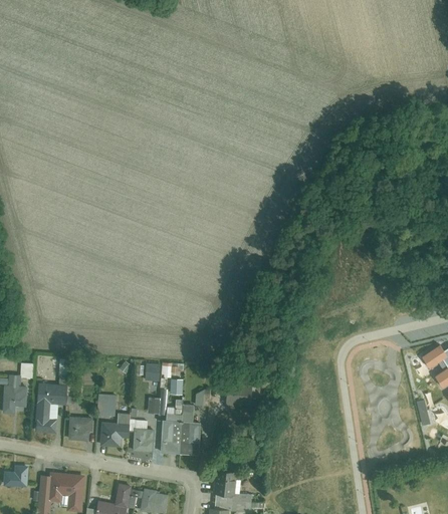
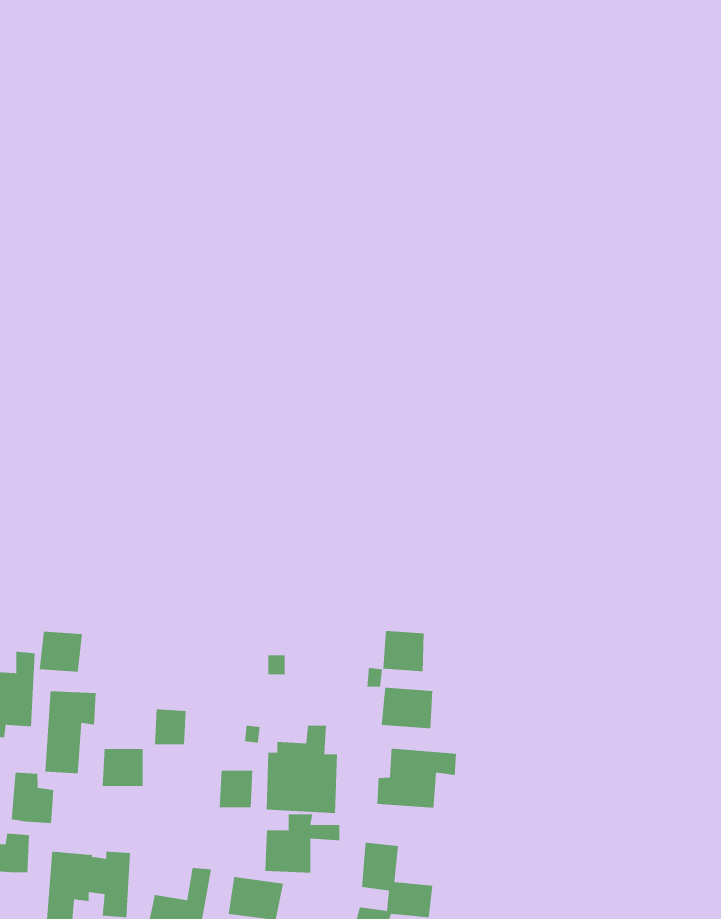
building: none -> [383,630,424,672]
building: none -> [39,631,82,673]
building: [104,414,147,447] -> [265,814,340,873]
building: none -> [377,748,456,808]
building: none -> [11,772,54,824]

